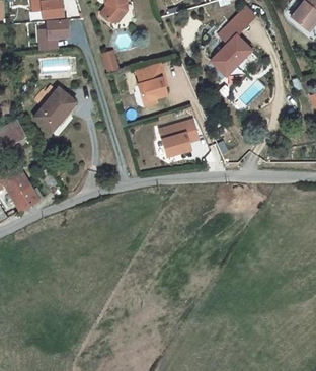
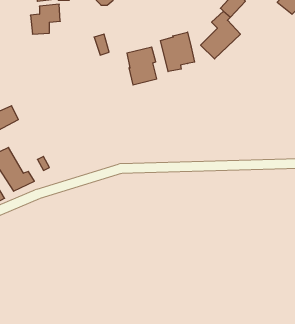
building: none -> [161,32,195,72]
building: [34,86,76,130] -> none
building: [160,122,199,158] -> none

